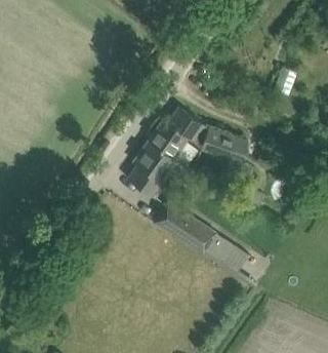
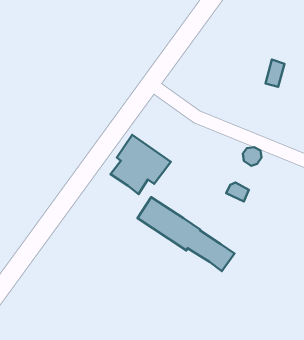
building: [148,107,247,166] -> none

